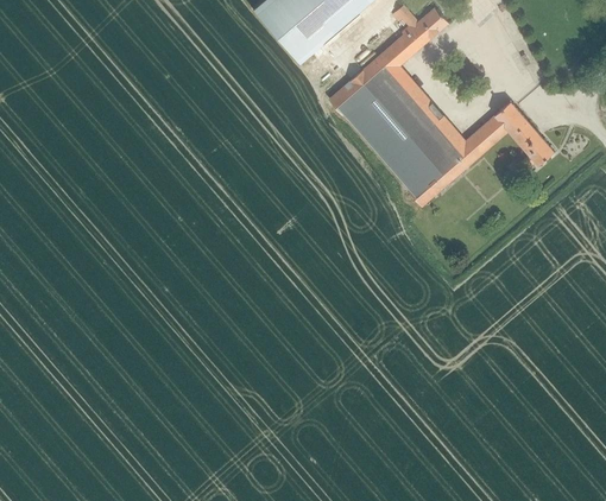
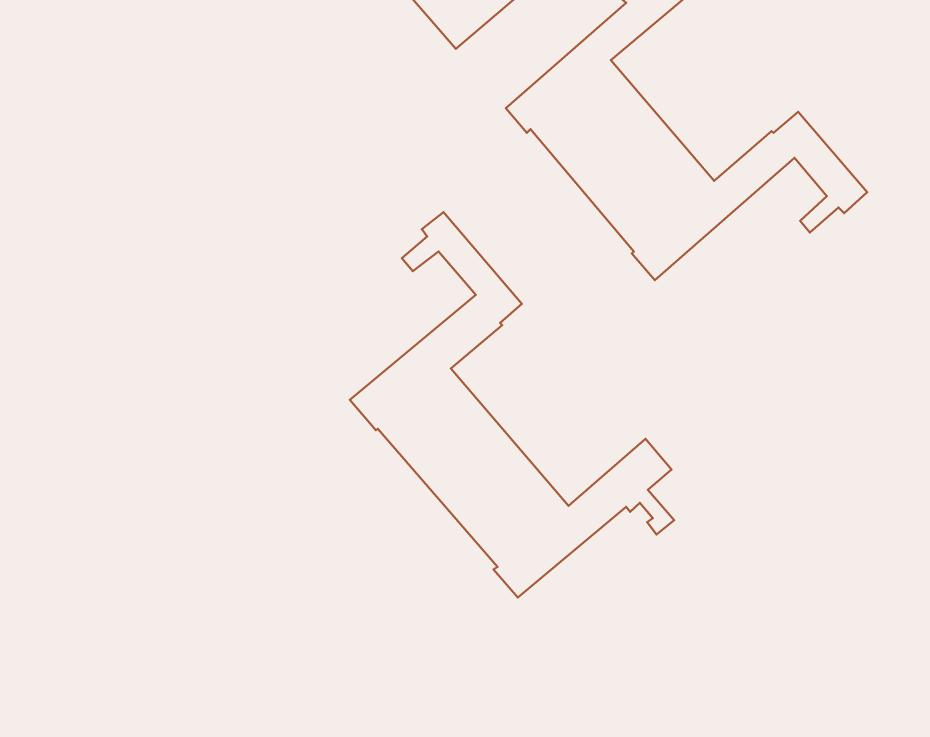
building: none -> [350,212,674,598]

